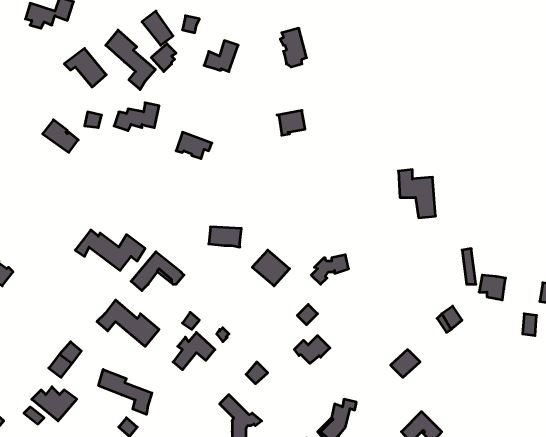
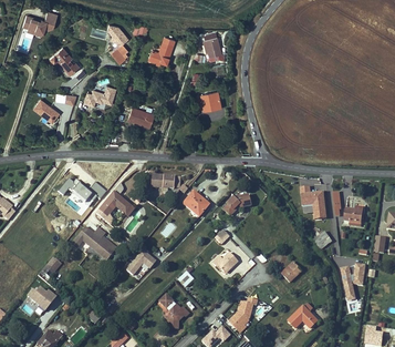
building: [106,30,155,90] -> none
building: [398,170,436,218] -> [300,184,326,218]
building: [99,369,152,414] -> none

